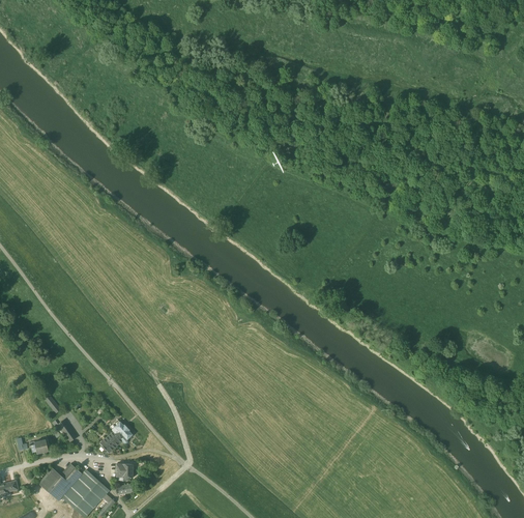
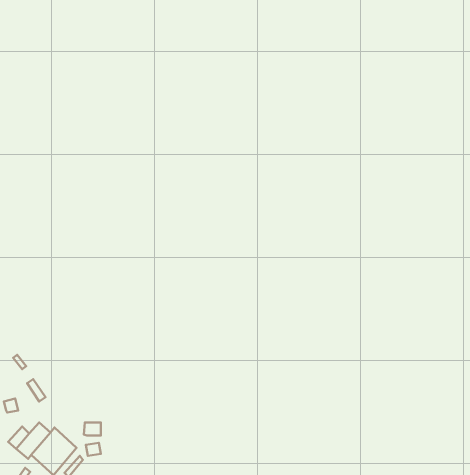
building: [99,419,133,453] -> none

